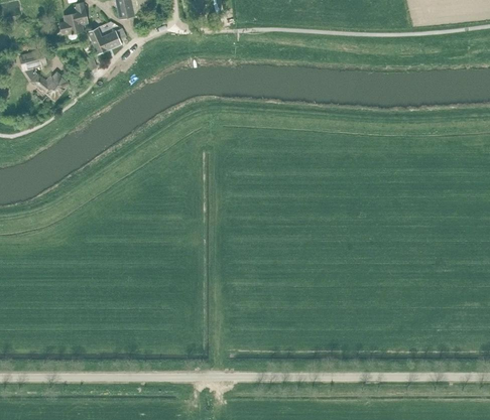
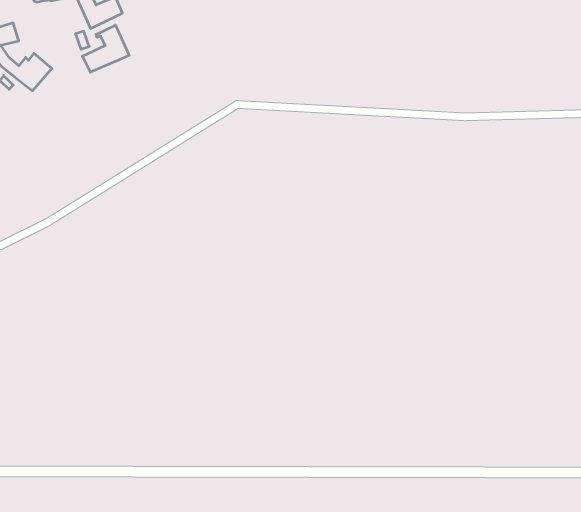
building: none -> [82,25,129,72]

